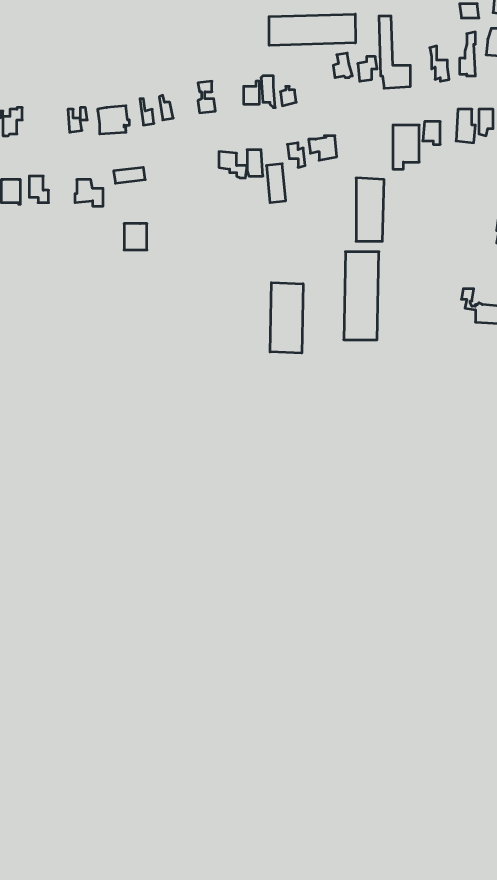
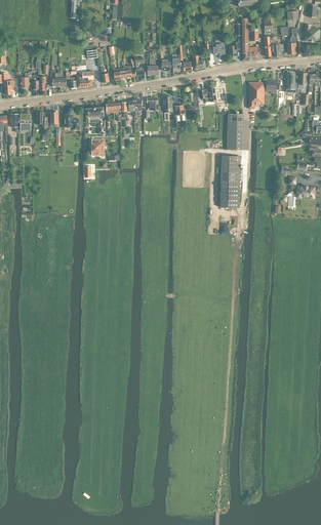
building: [269,14,355,45] -> none
building: [270,283,303,353] -> none

